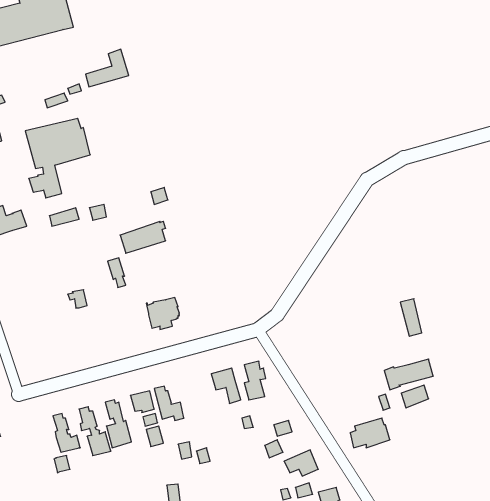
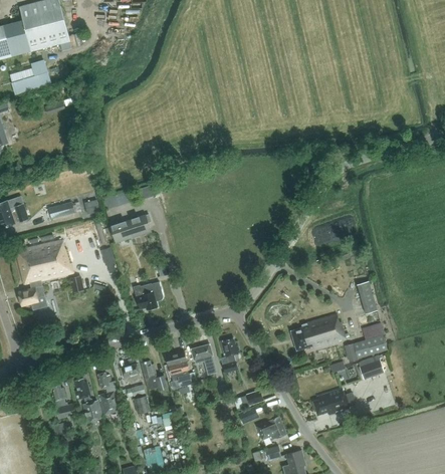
building: [86,49,129,87] -> [12,59,50,92]
building: [25,118,90,198] -> [15,238,72,308]
building: none -> [290,314,349,349]
building: none -> [165,350,192,386]

